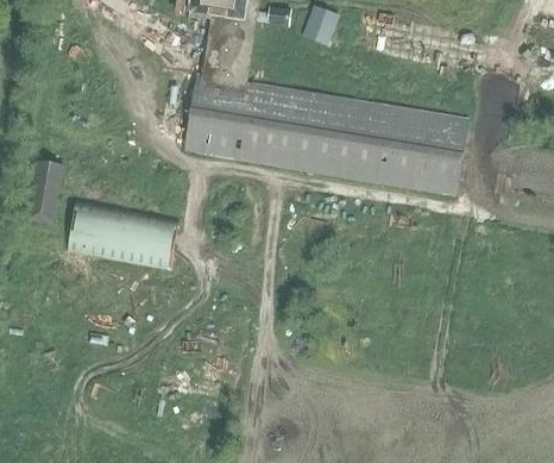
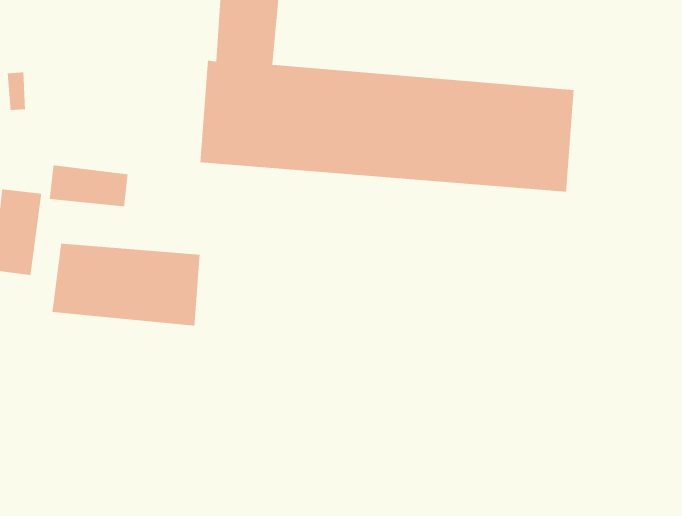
building: none -> [49,165,129,207]

